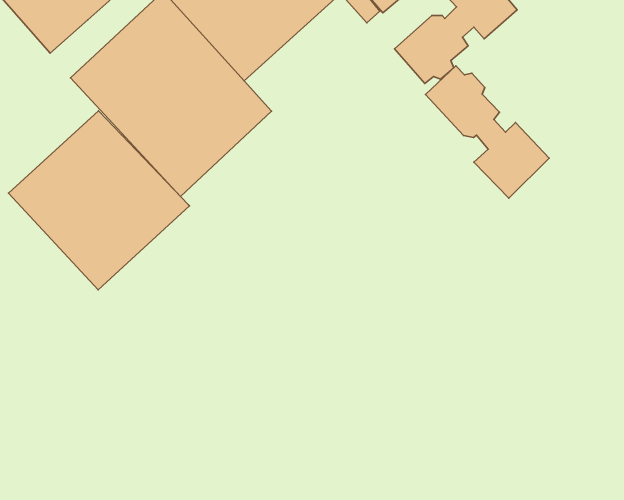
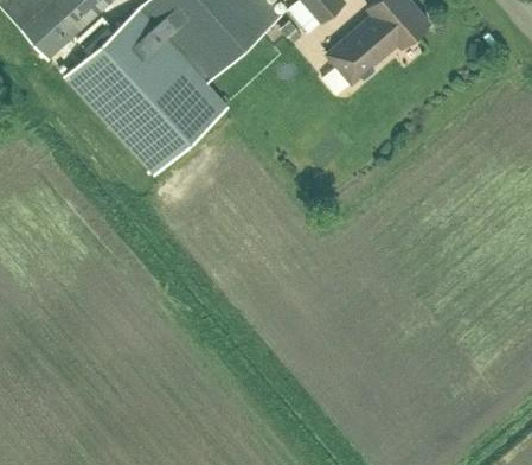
building: [425,66,549,198] -> none
building: [9,111,189,290] -> none

